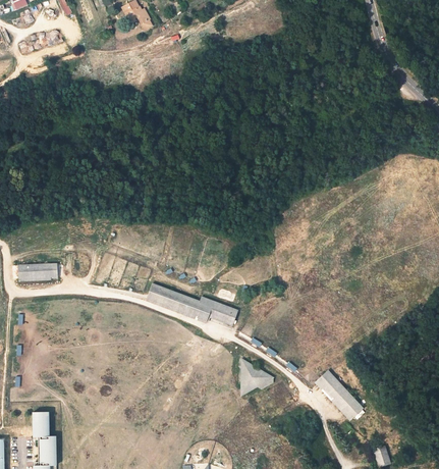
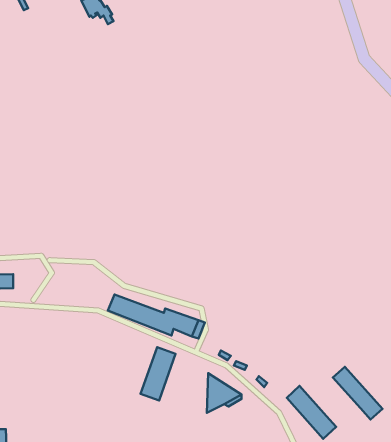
building: none -> [140,347,176,401]
building: none -> [333,367,383,419]

